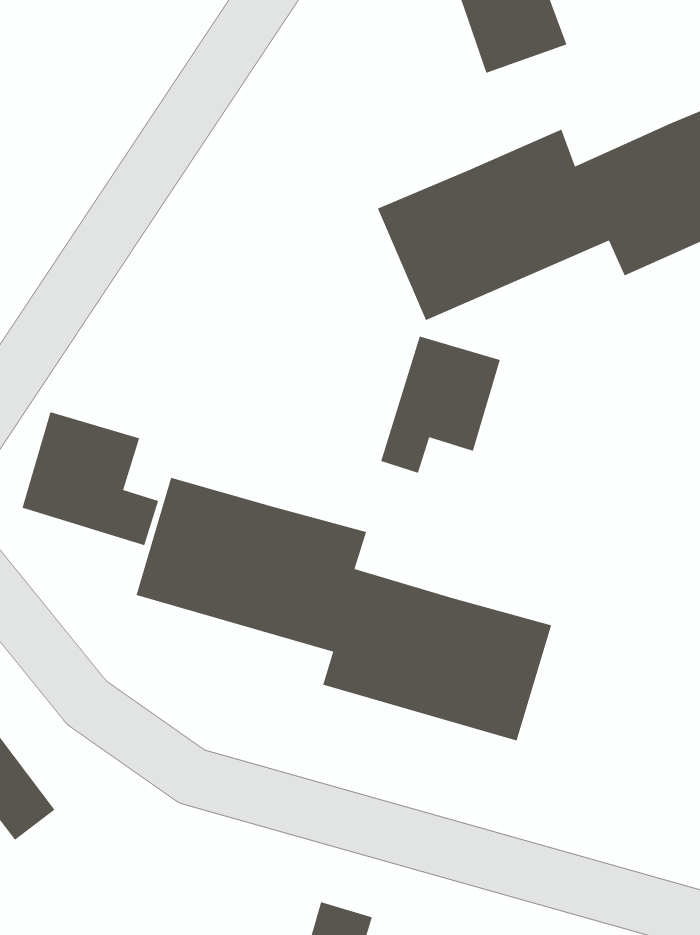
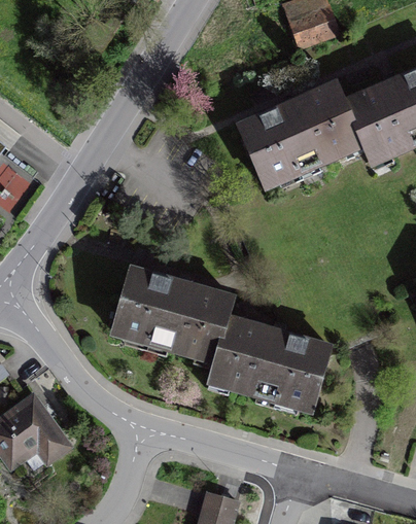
building: [380,335,501,474] -> none
building: [22,411,159,546] -> none

